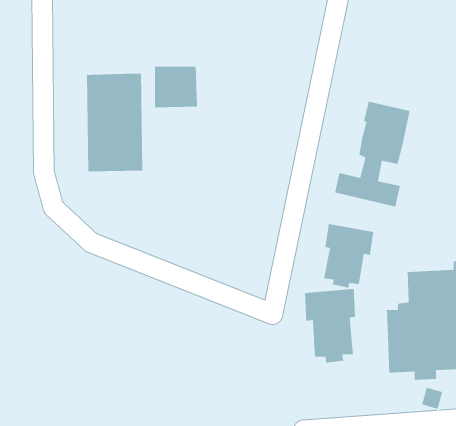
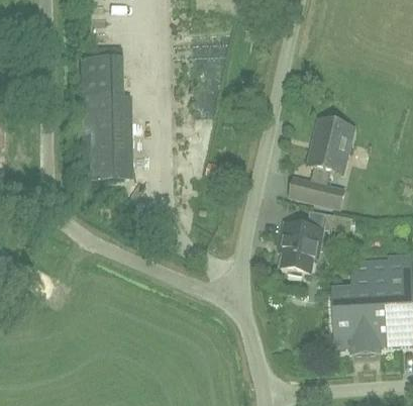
building: [154,66,198,108] -> [87,60,123,95]
building: [304,288,356,363] -> none

